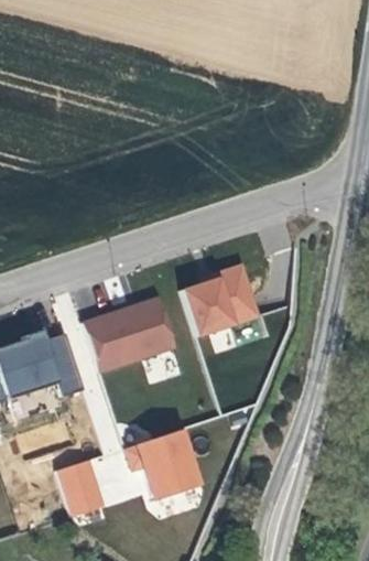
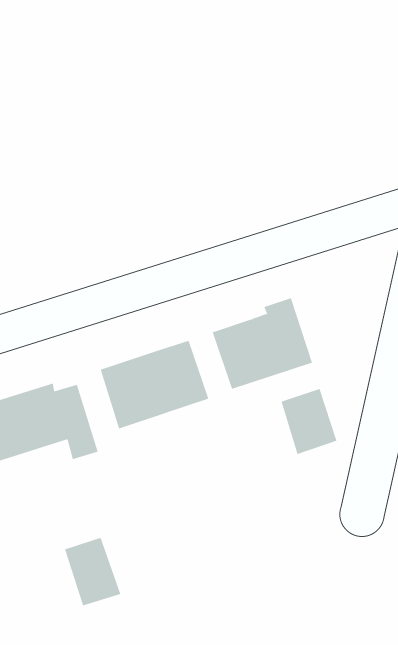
building: none -> [281,388,337,455]
building: [122,430,197,499] -> none

